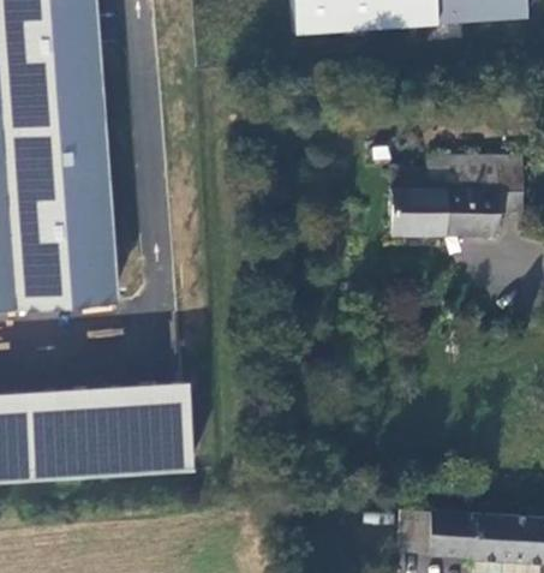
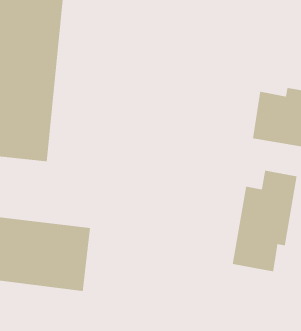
building: none -> [232,170,297,272]

